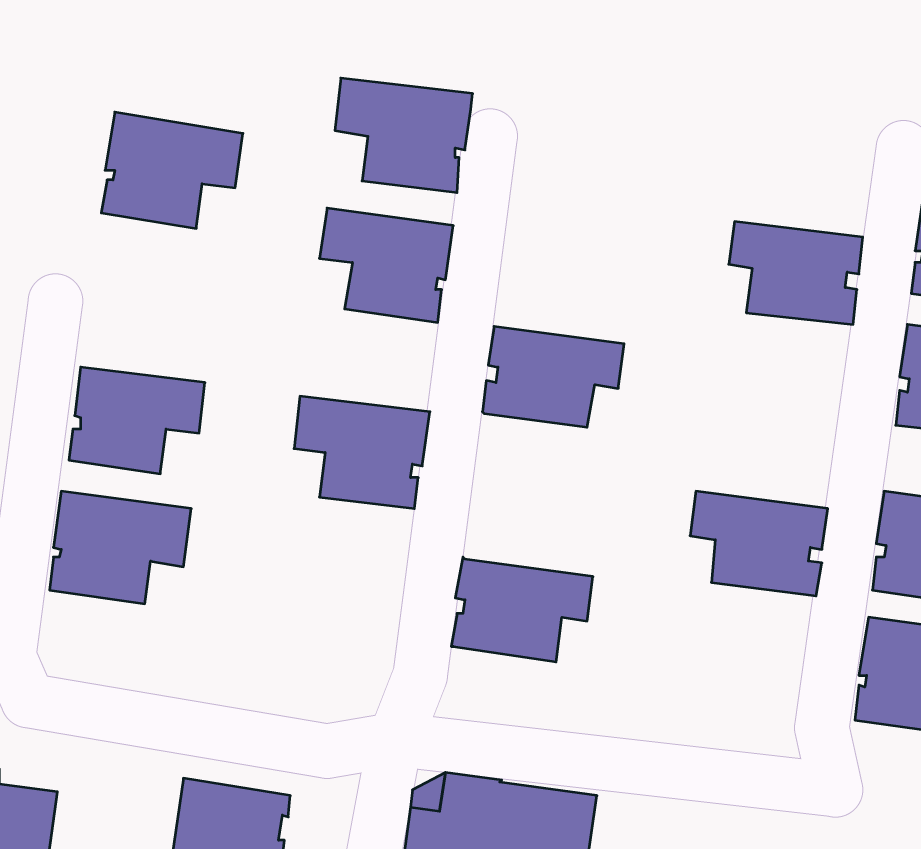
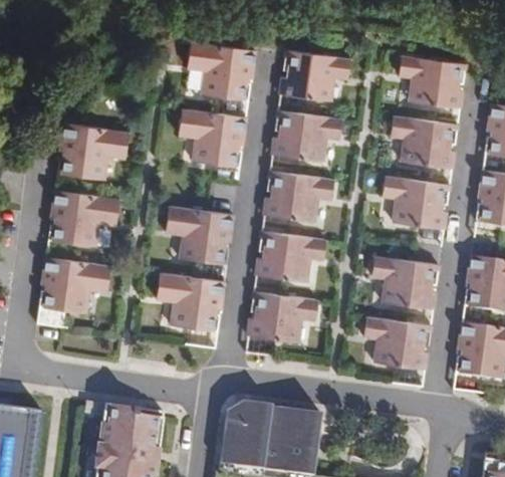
building: none -> [278,50,348,102]
building: none -> [398,57,466,109]
building: [101,112,243,228] -> [56,122,130,182]
building: none -> [270,110,342,163]
building: none -> [382,177,451,230]
building: none -> [254,230,327,284]
building: none -> [157,274,226,332]
building: none -> [362,318,433,371]

